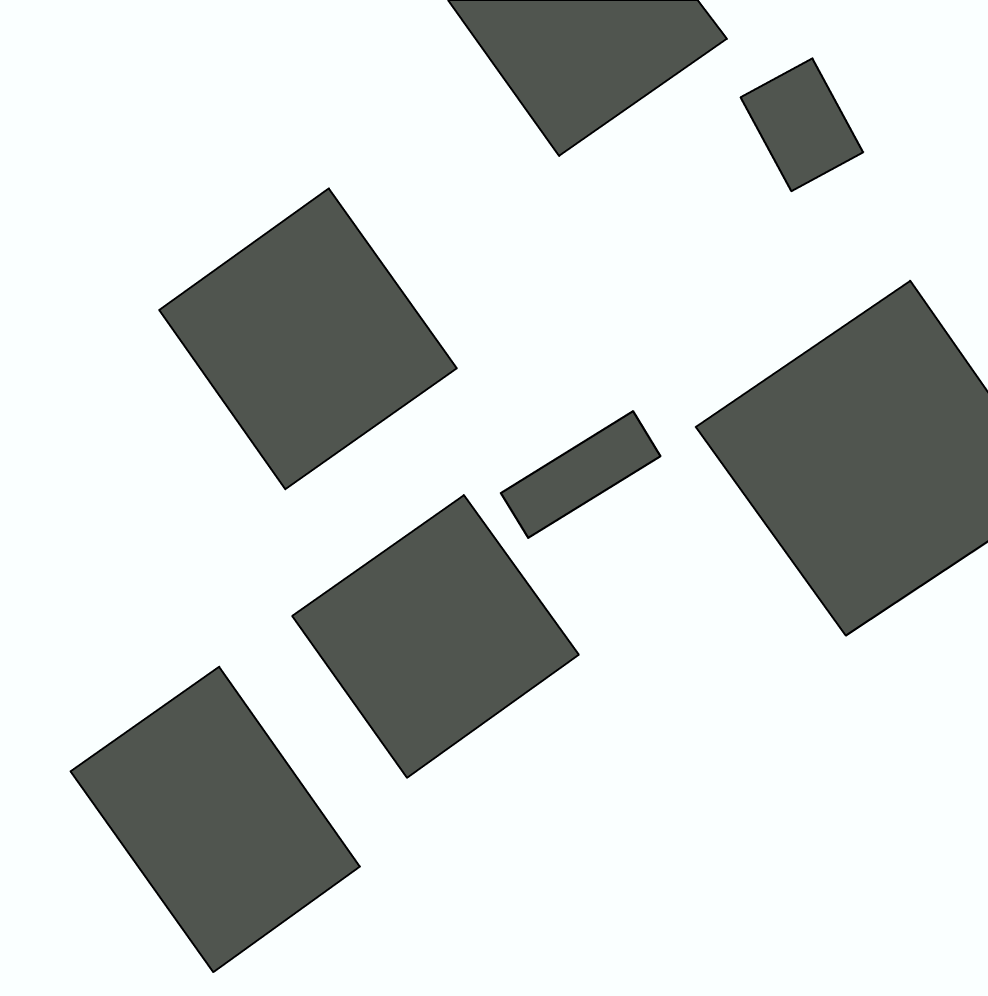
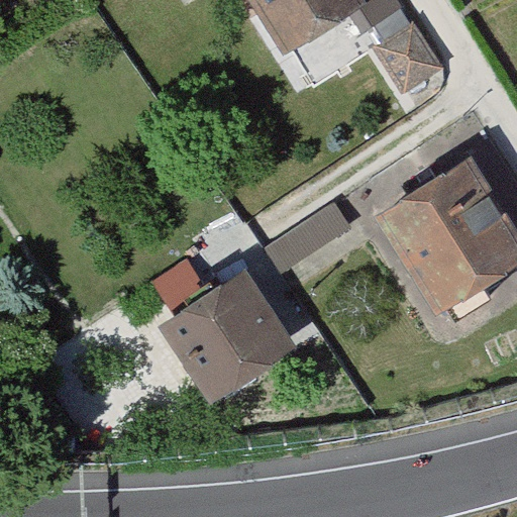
building: [159,188,457,489] -> none
building: [71,667,360,972] -> none

